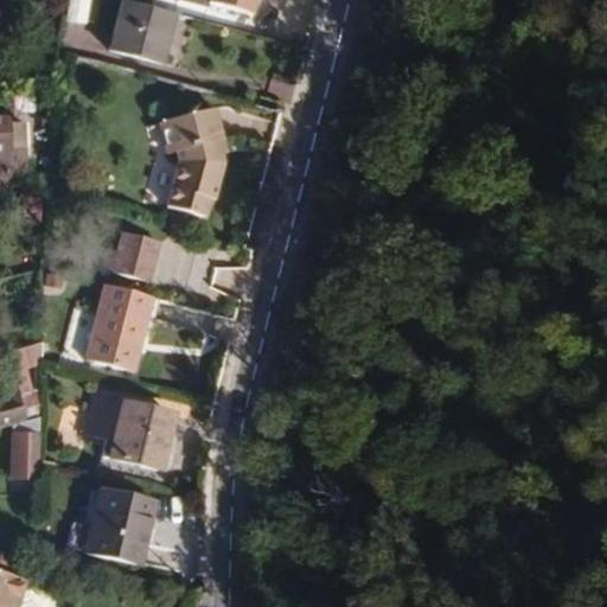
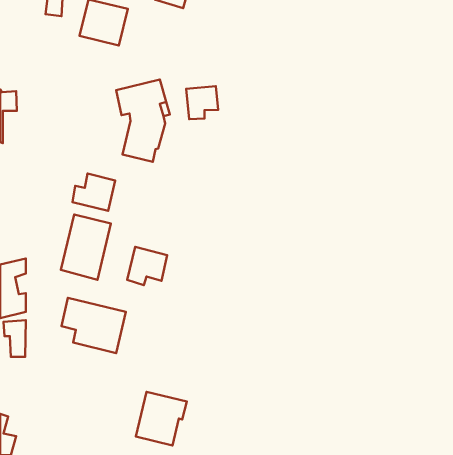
building: none -> [186,86,218,119]
building: none -> [127,247,167,285]
building: [87,490,154,561] -> [136,392,187,445]

